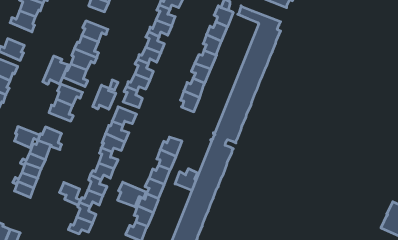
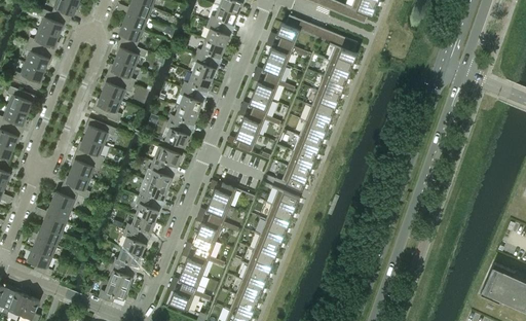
building: none -> [118,23,143,47]
building: none -> [25,43,54,71]
building: [43,56,68,84] -> none
building: [93,85,116,109] -> none
building: [14,127,40,148] -> [71,153,102,179]
building: [175,169,198,190] -> none
building: [118,182,146,207] -> none
building: [59,182,81,205] -> [28,249,53,277]

